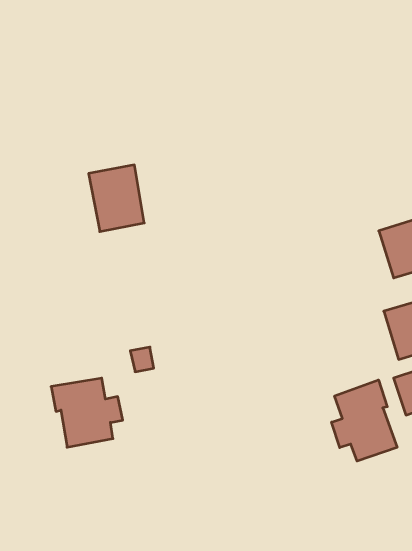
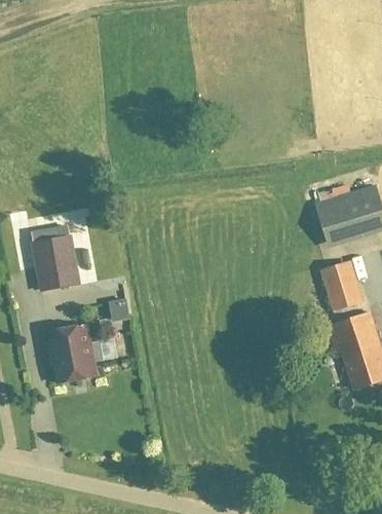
building: [89,165,144,232] -> [32,235,78,291]
building: [332,380,397,461] -> none

